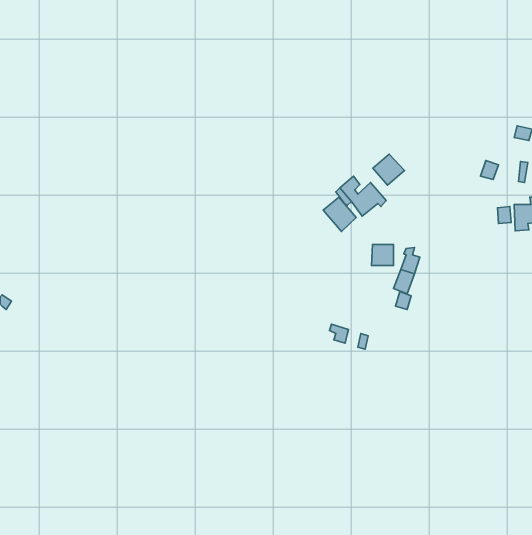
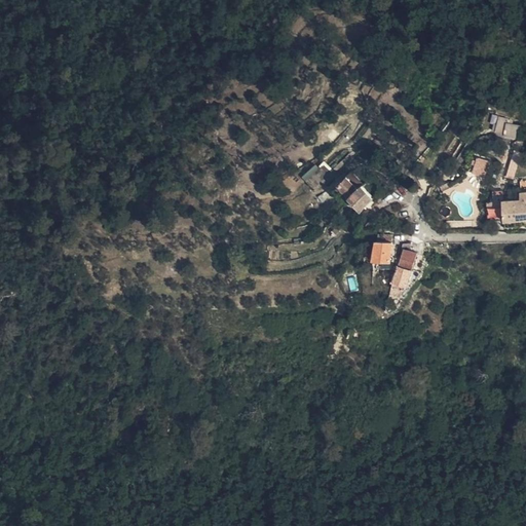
building: [373,154,404,185] -> none
building: [323,197,356,232] -> none

